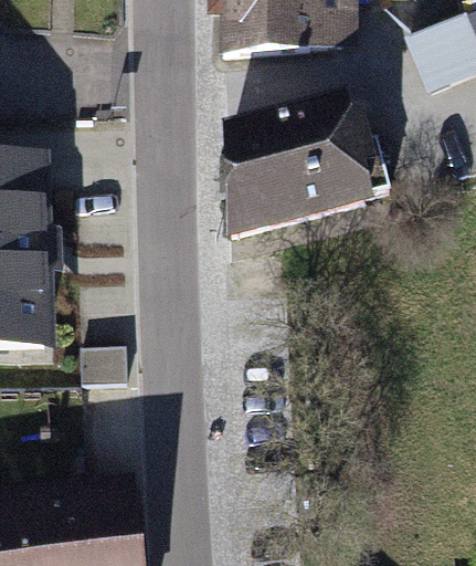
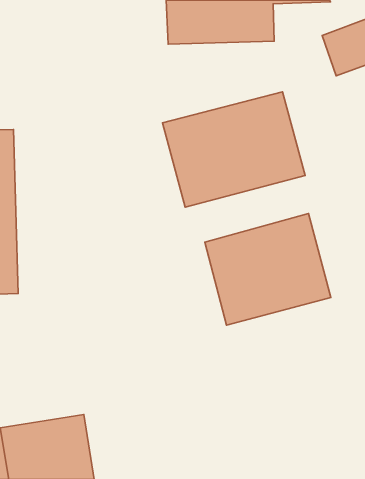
building: none -> [205,214,331,325]

